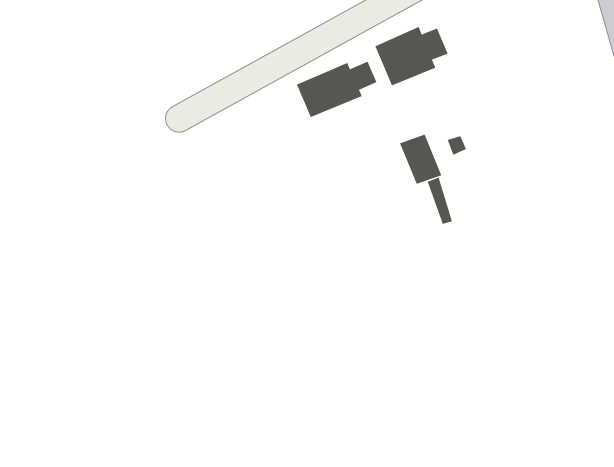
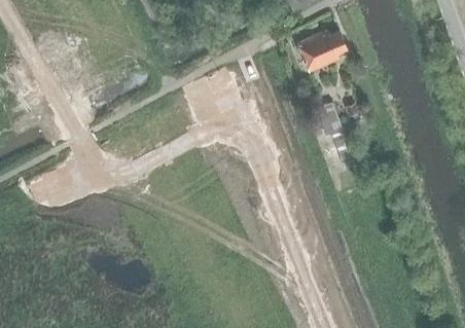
building: [296,61,377,118] -> none

